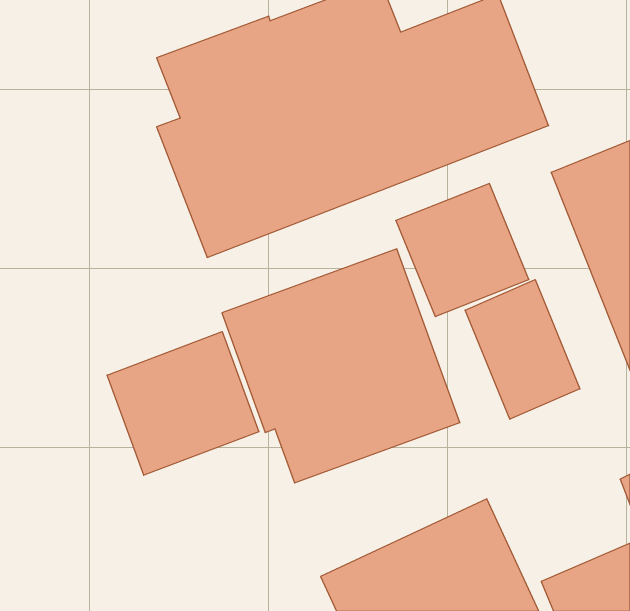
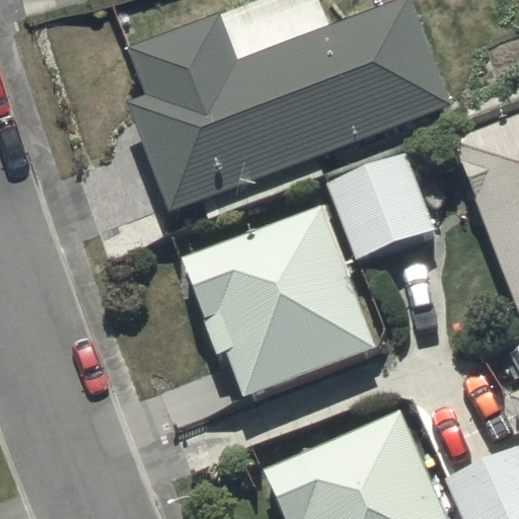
building: [465,280,580,419] -> none
building: [107,332,259,475] -> none

